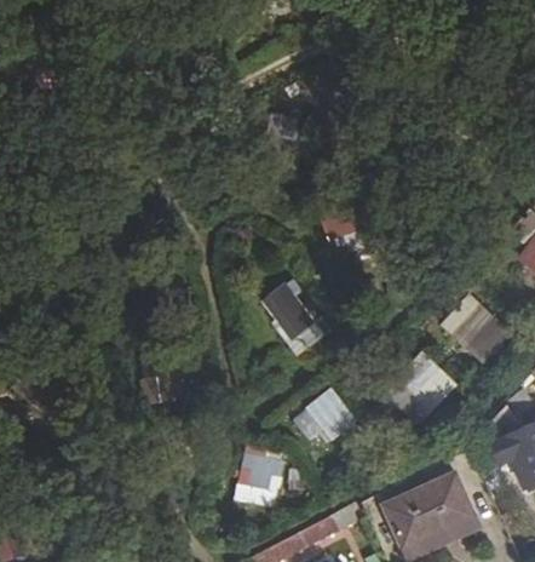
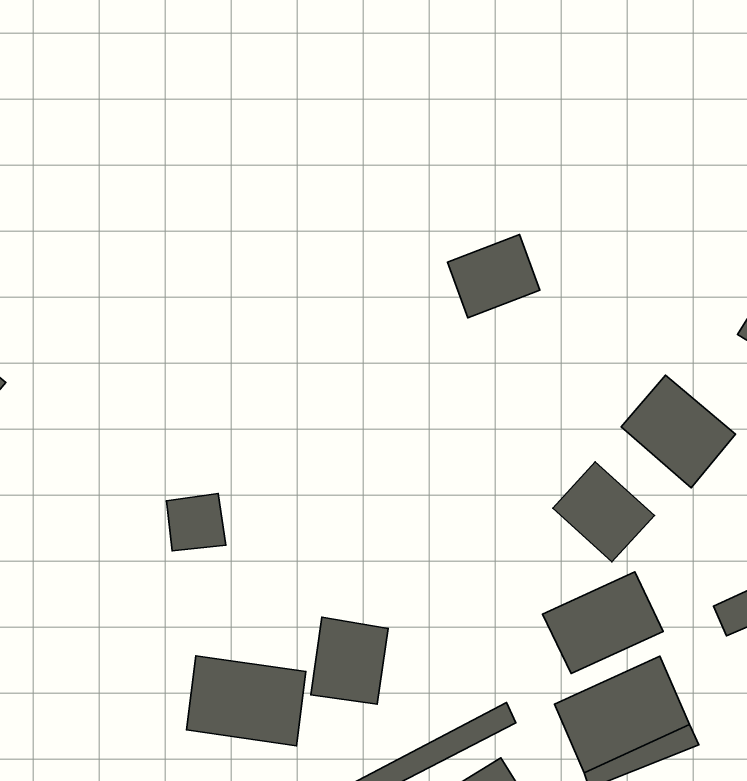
building: [252,274,320,348] -> none
building: [295,385,349,438] -> none
building: none -> [542,572,663,674]
building: none -> [187,656,306,746]

